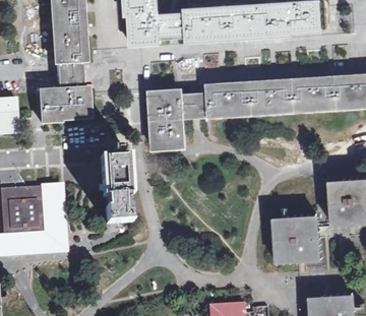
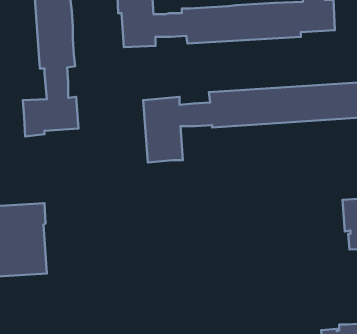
building: [101,154,131,222] -> none
building: [271,212,322,263] -> none

